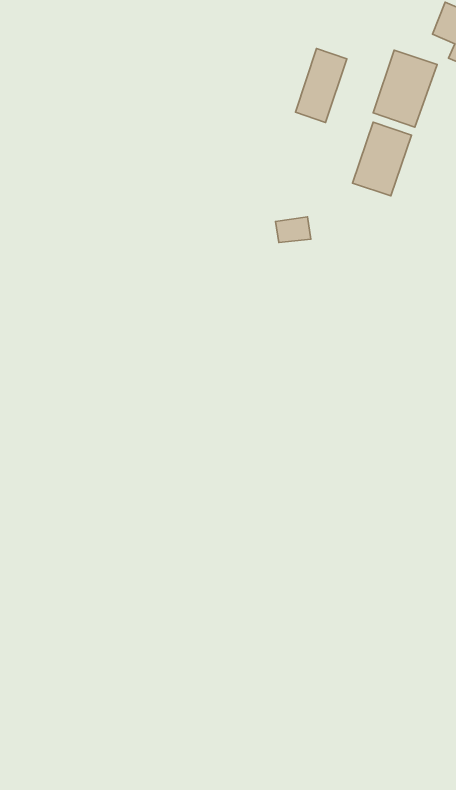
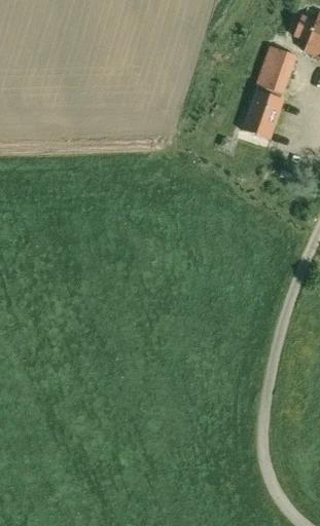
building: [295,49,347,123] -> none

